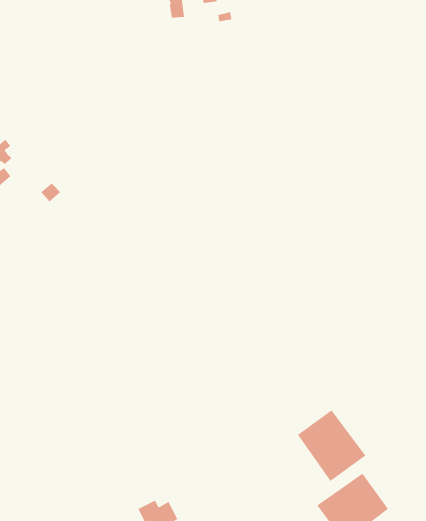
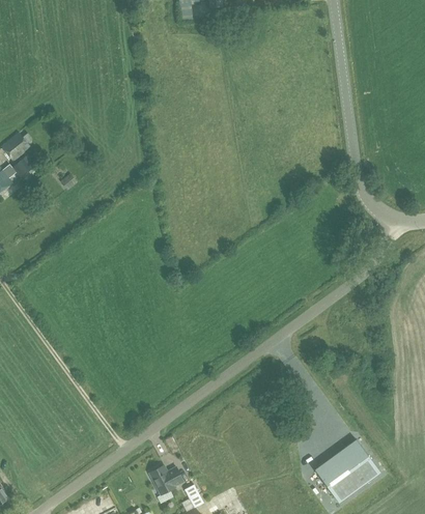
building: [297,409,366,482] -> none

